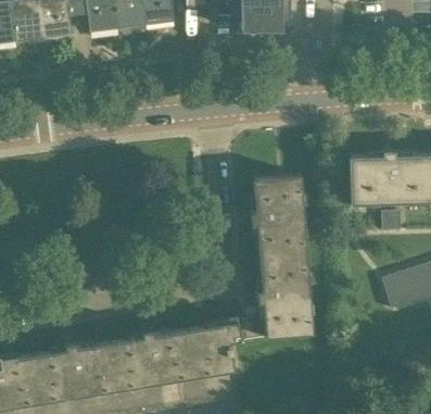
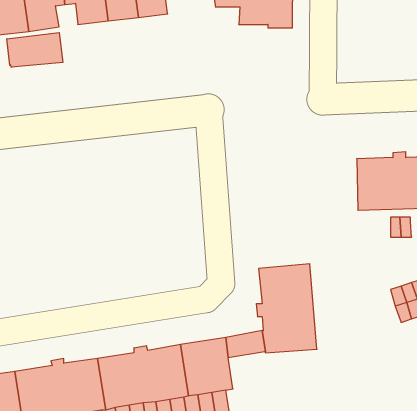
building: none -> [7,33,63,67]
building: [251,175,306,259] -> none

